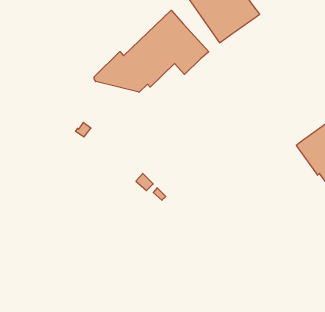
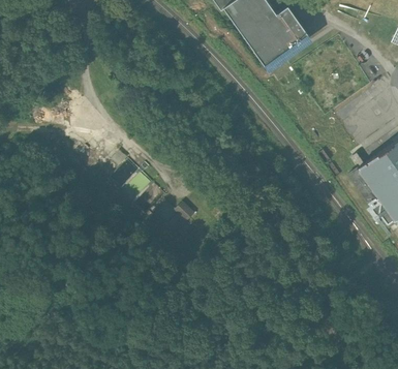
building: [94,10,209,92] -> none

